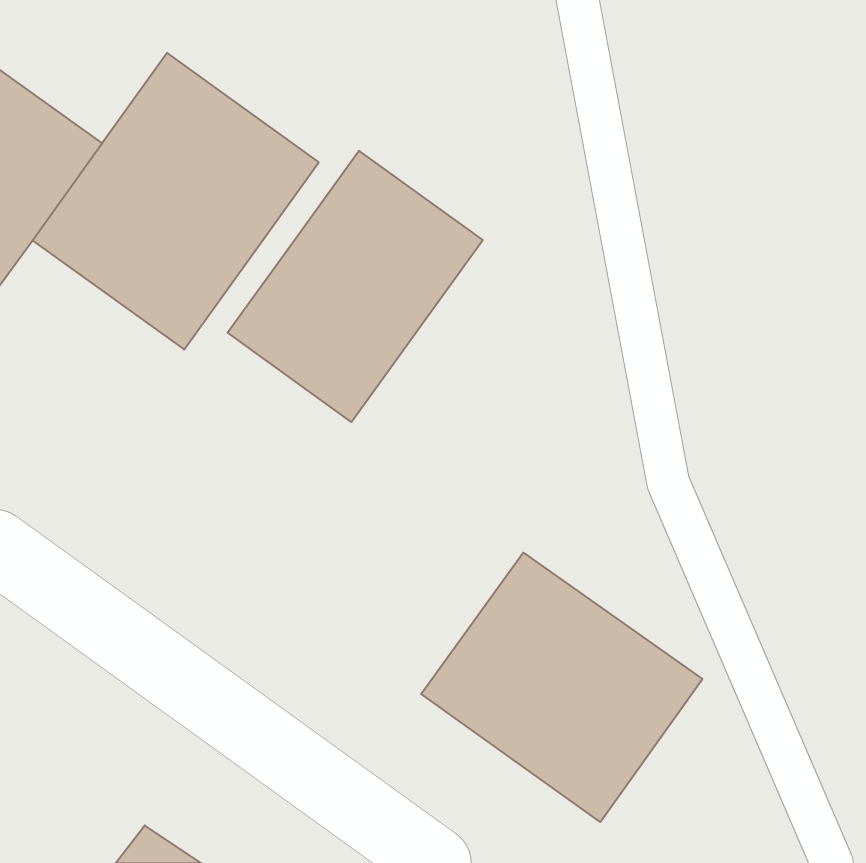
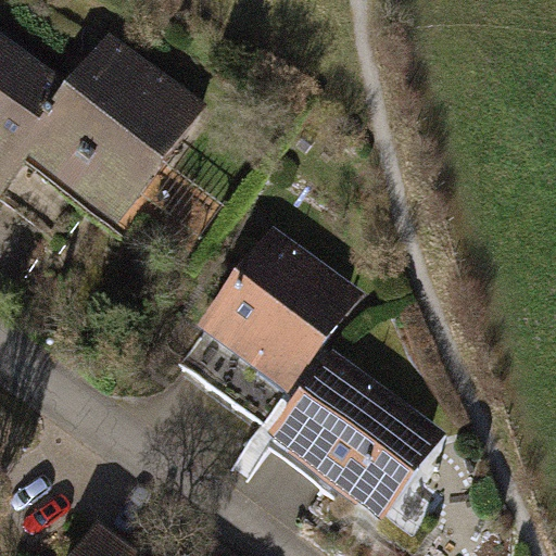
building: [228,151,483,422] -> none
building: none -> [197,227,362,396]

